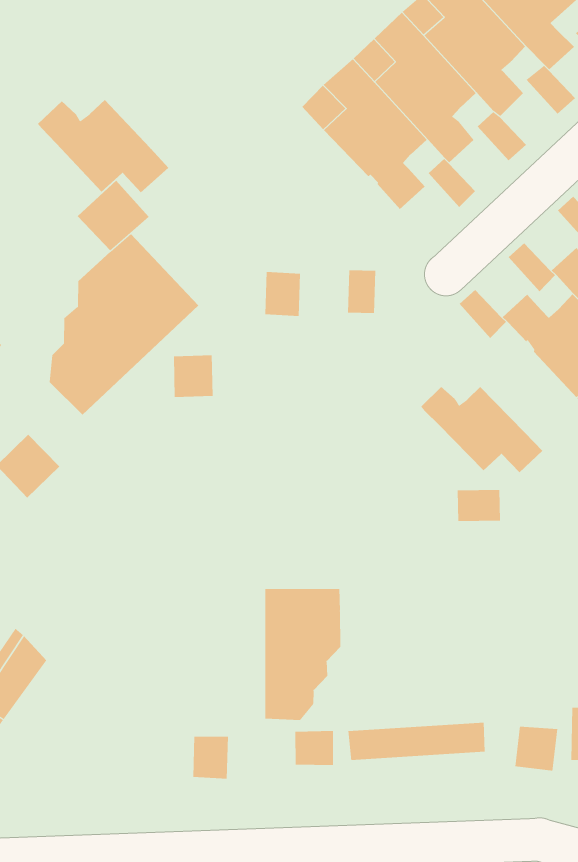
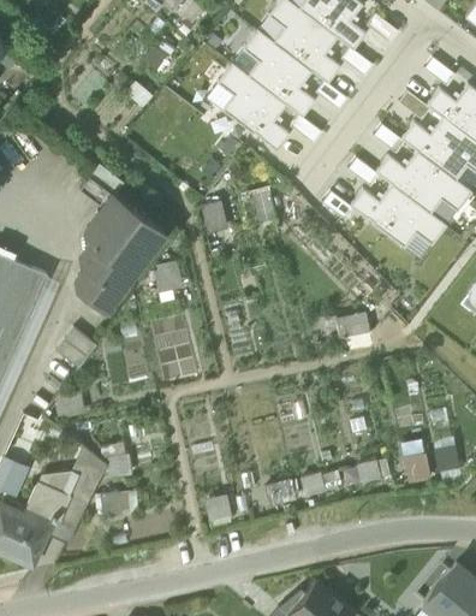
building: [37,99,169,193] -> none
building: [420,386,543,473] -> none
building: [265,588,341,721] -> none
building: none -> [100,490,135,513]

